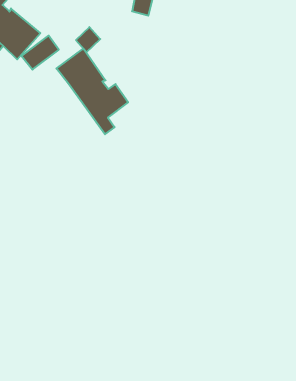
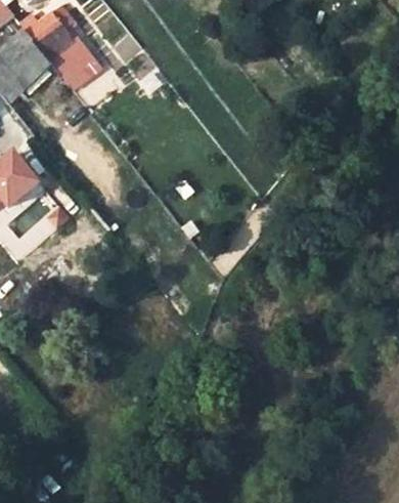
building: [56,49,128,134] -> none

